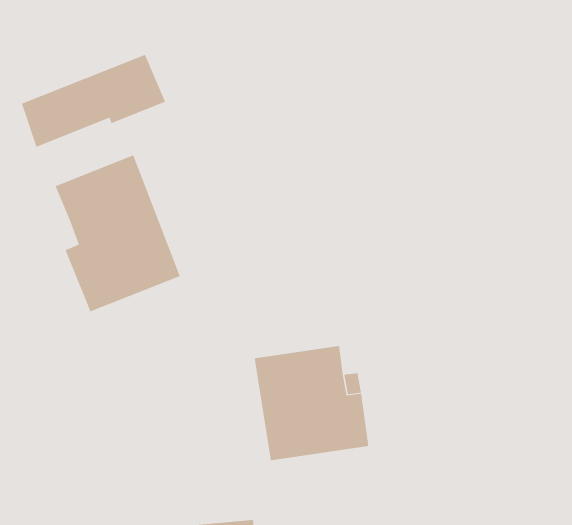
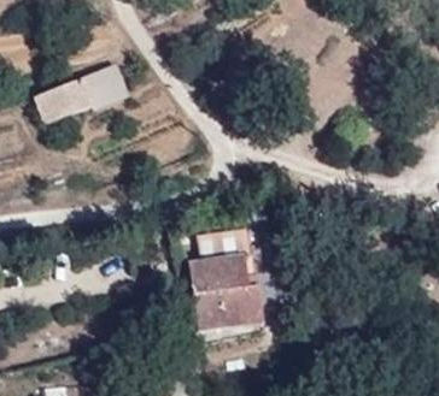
building: [55,155,181,312] -> none

